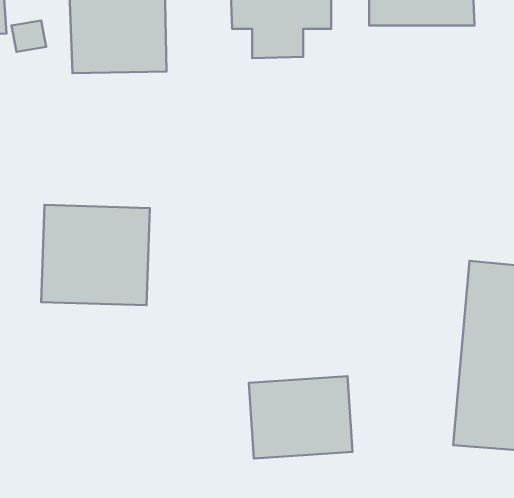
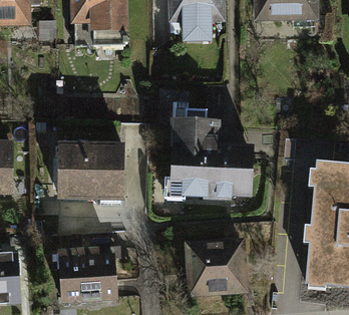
building: none -> [167,110,256,190]
building: none -> [57,242,114,298]

